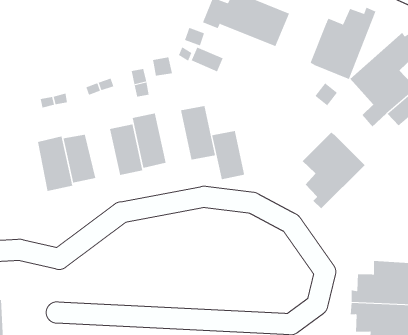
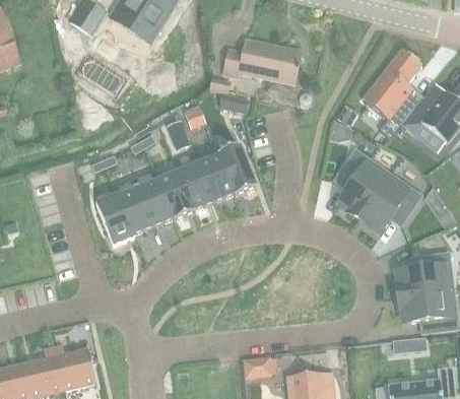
building: [310,7,376,80] -> none
building: [210,127,246,180] -> [196,152,235,201]
building: none -> [137,180,174,225]
building: none -> [357,173,421,229]

